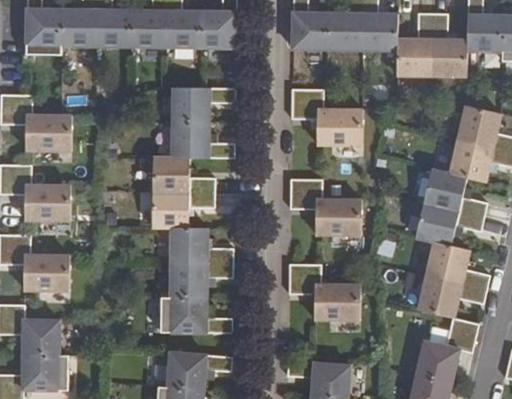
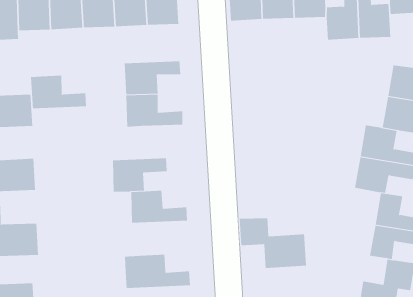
building: [290,89,362,145] -> none
building: [153,157,213,193] -> [30,75,87,109]
building: [289,179,361,235] -> none
building: [170,262,232,298] -> none

